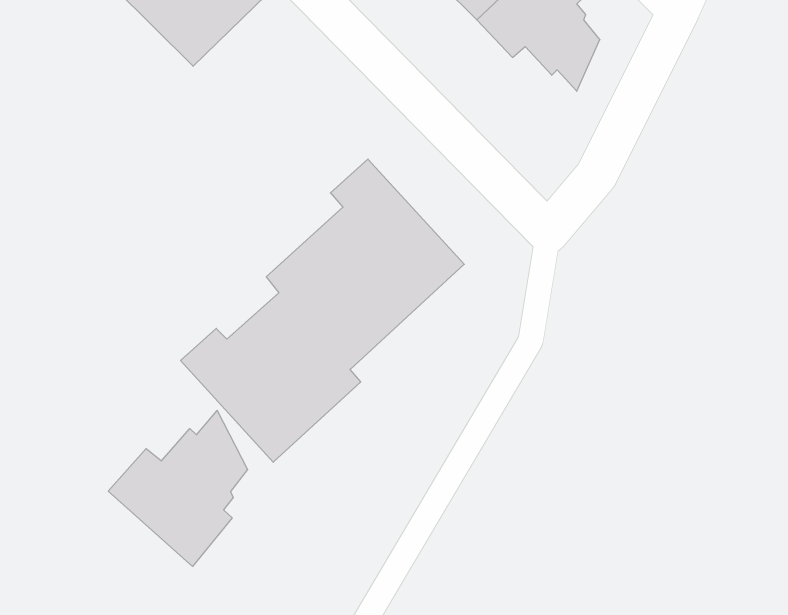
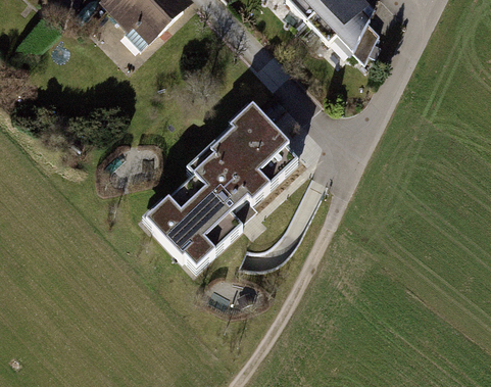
building: [108,410,248,566] -> none

